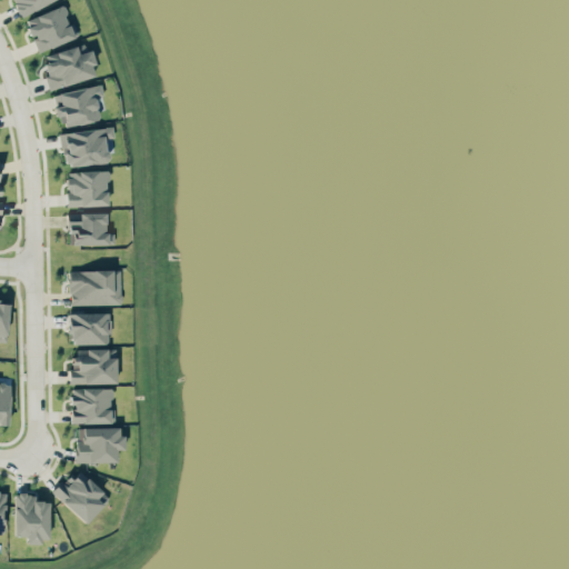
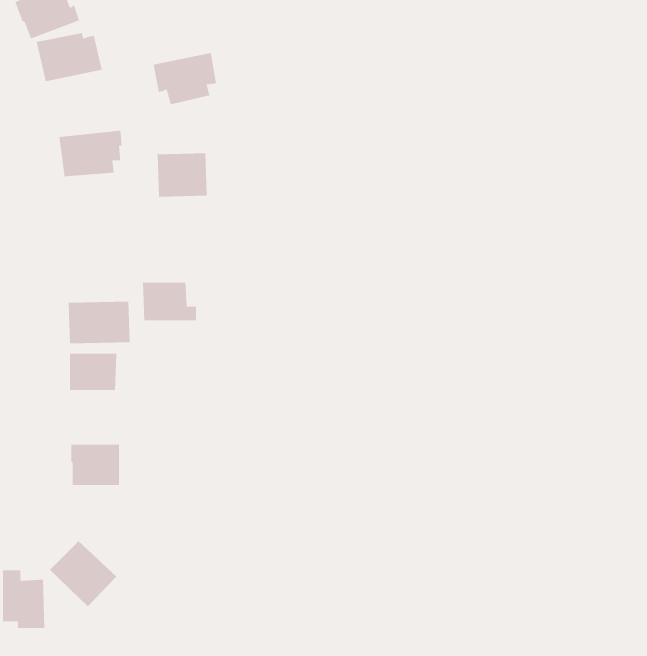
building: [53,84,107,128] -> [153,53,217,105]
building: [68,171,110,208] -> [157,153,207,197]
building: [70,213,116,246] -> [142,282,197,321]
building: [70,350,117,385] -> none
building: [77,428,123,463] -> none

